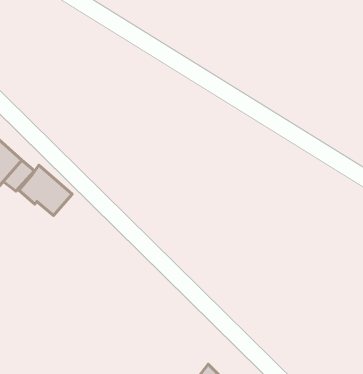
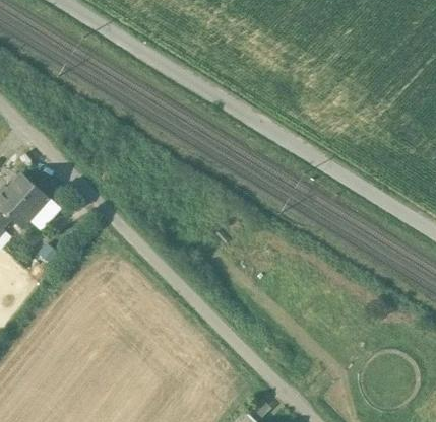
building: [19,165,72,216] -> none

